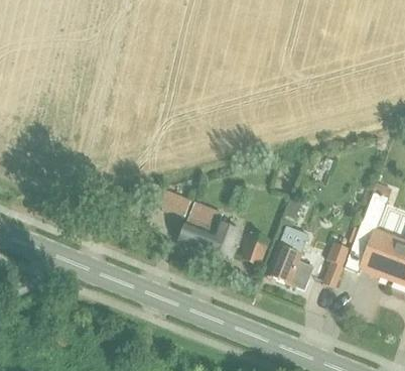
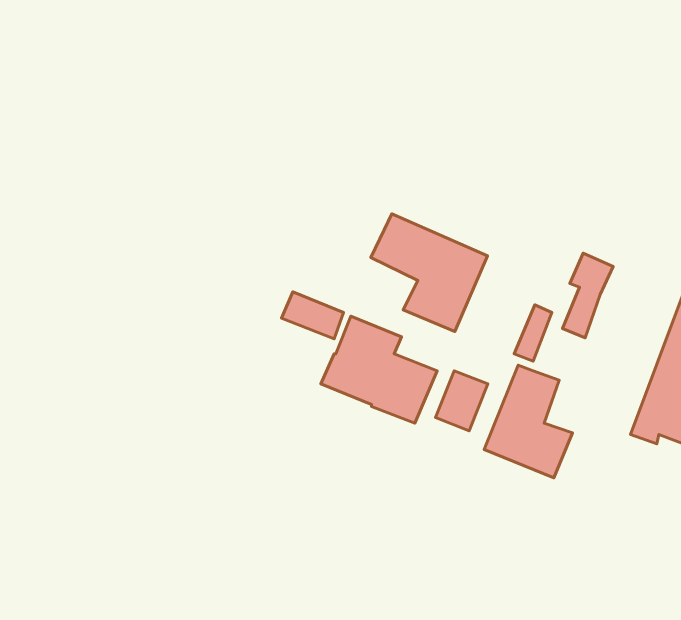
building: none -> [371,214,487,332]
building: [322,241,350,286] -> [562,253,613,338]

